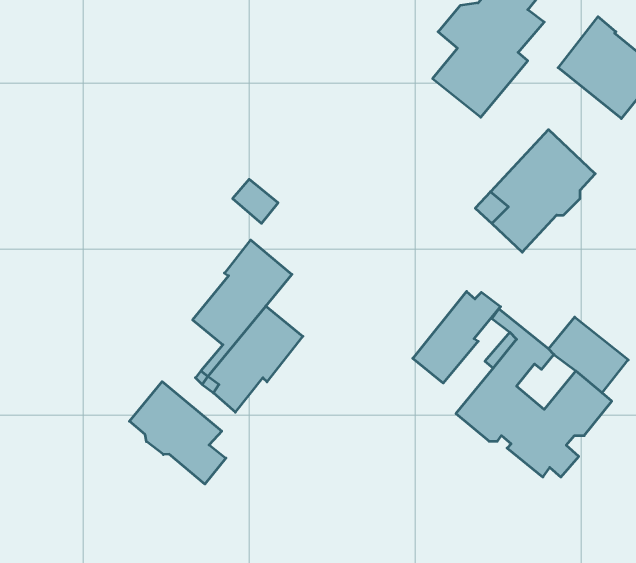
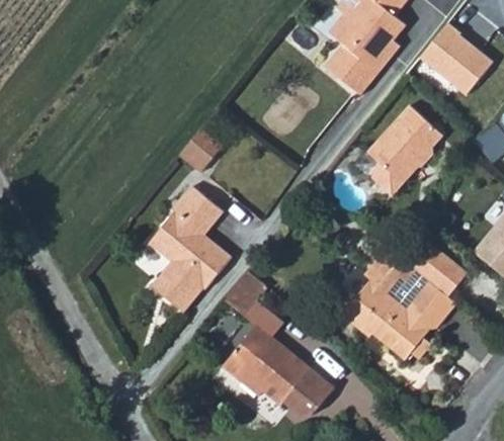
building: [413,291,501,383] -> none
building: none -> [224,270,265,314]
building: [129,382,226,484] -> none
building: none -> [224,324,336,416]

